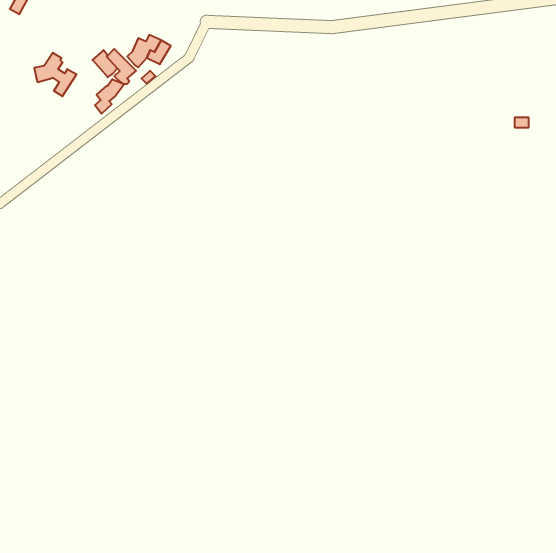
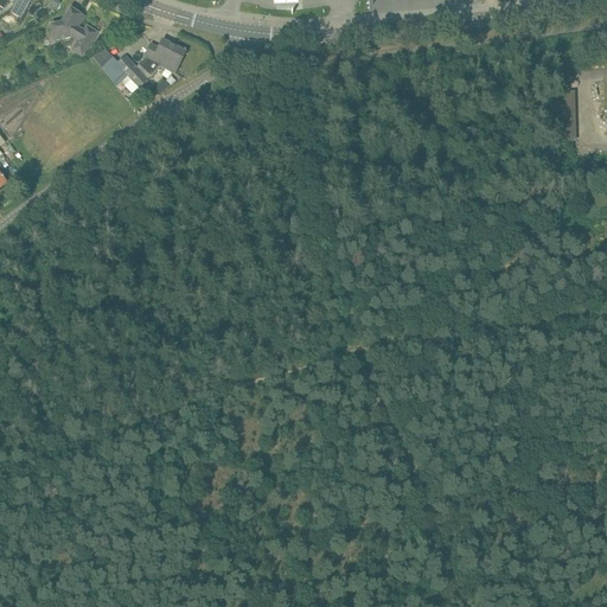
building: [34,53,77,96] -> [51,6,97,53]
building: [95,79,124,114] -> none

